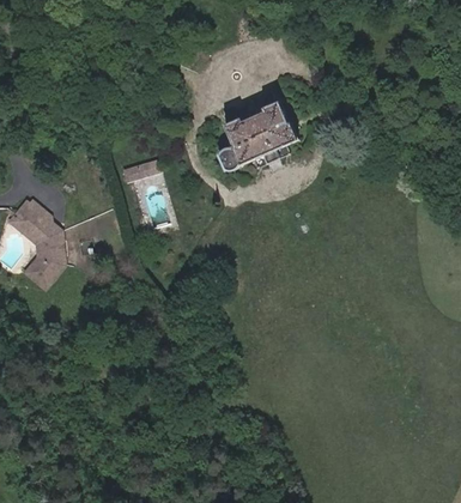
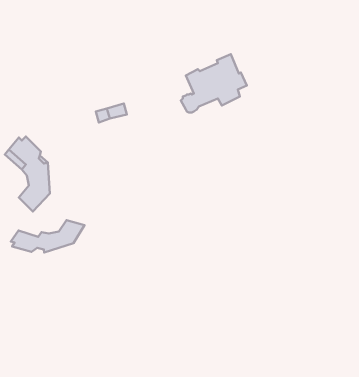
building: none -> [11,220,84,253]

